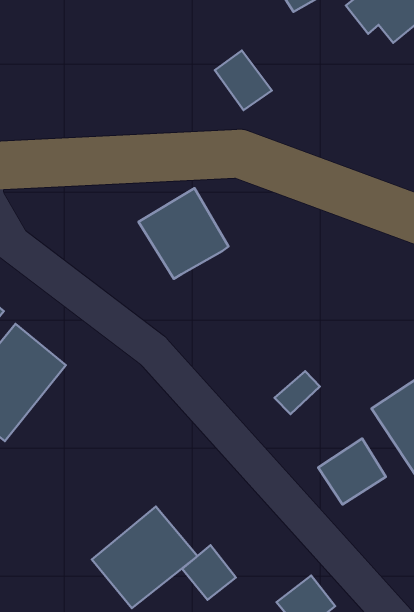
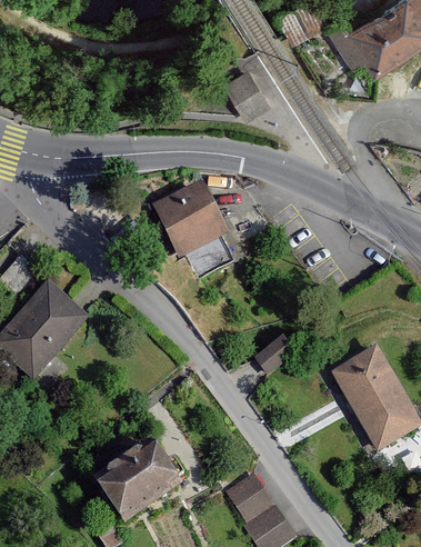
building: none -> [186,233,232,277]
building: [318,439,386,504] -> none
building: [182,545,236,600] -> [228,473,271,517]

